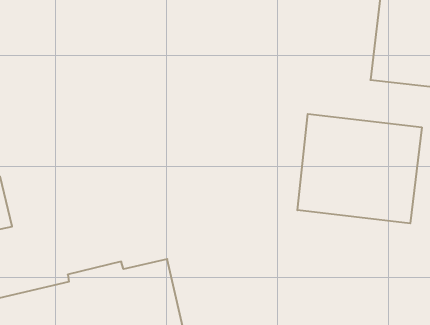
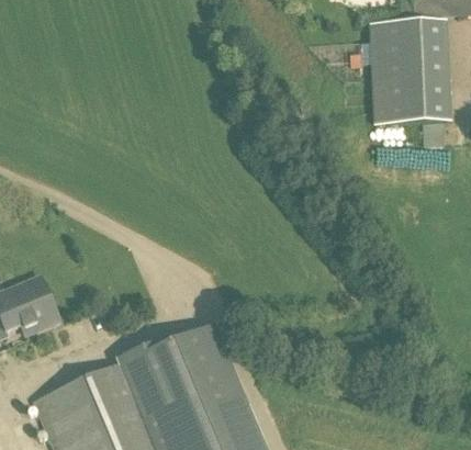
building: [297,114,422,223] -> none

